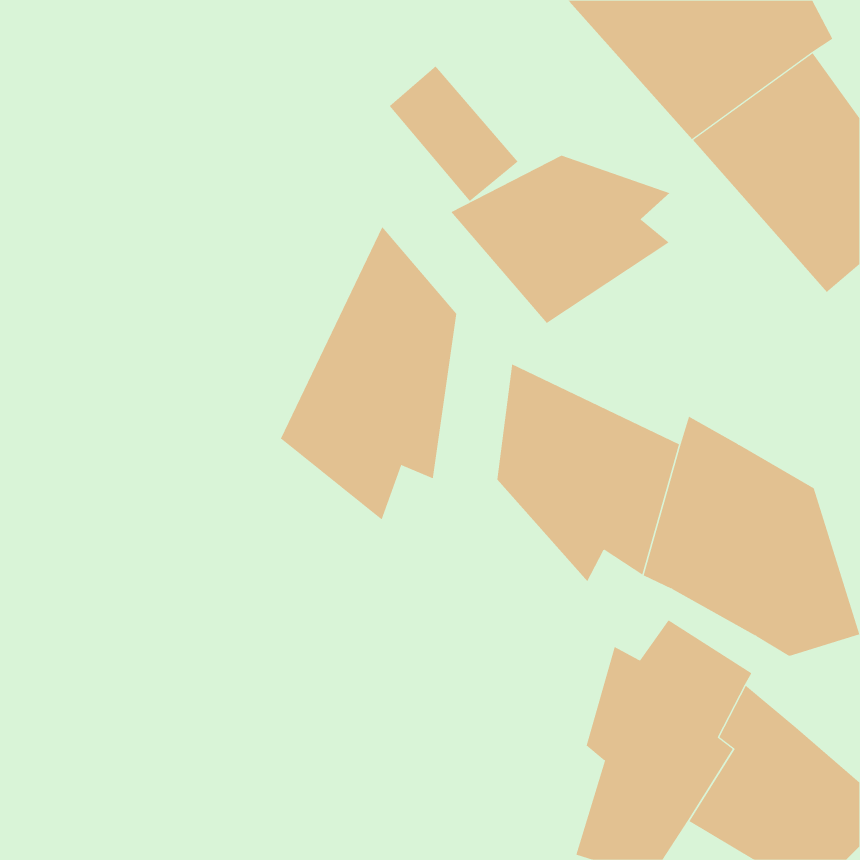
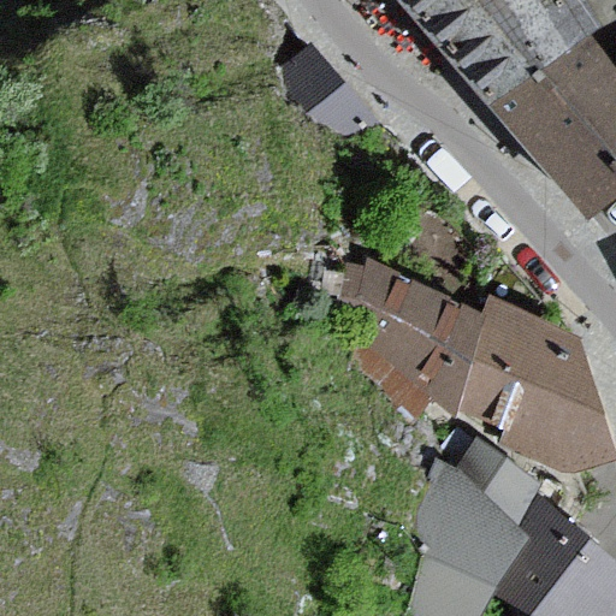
building: [451,155,671,324] -> none
building: [280,226,457,520] -> none

